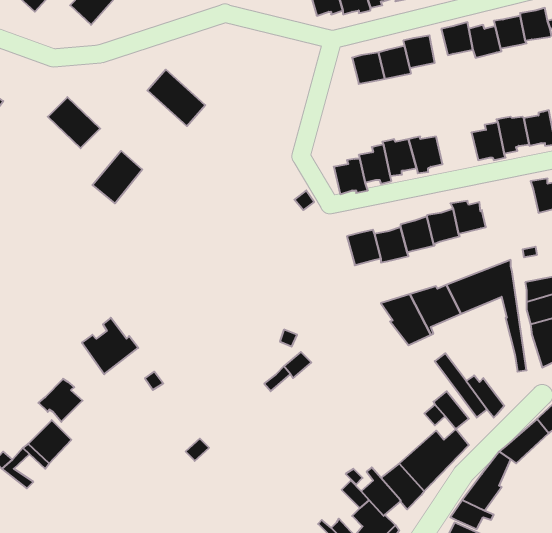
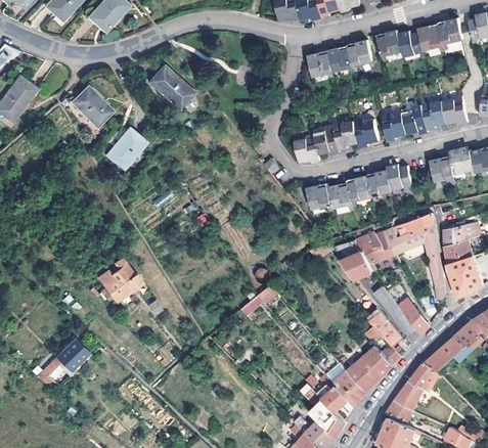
building: none -> [382,113,407,142]
building: none -> [431,158,455,183]
building: [38,379,83,422] -> none

